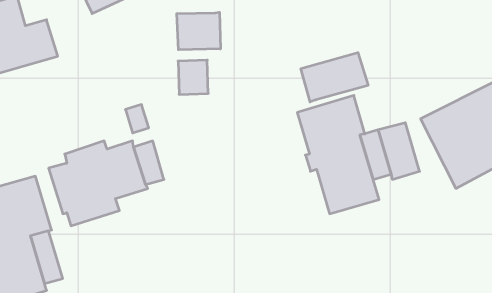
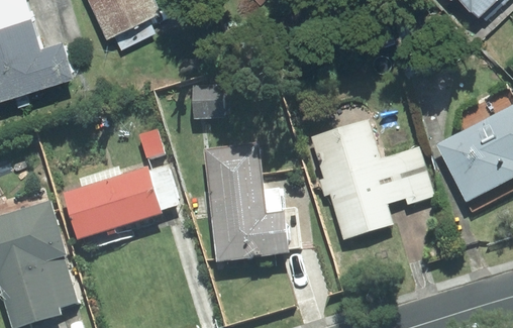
building: [177,12,220,50] -> none
building: [301,53,368,102] -> none
building: none -> [205,145,301,260]

